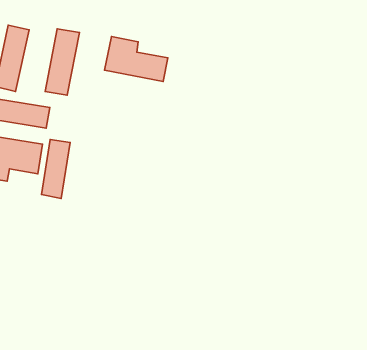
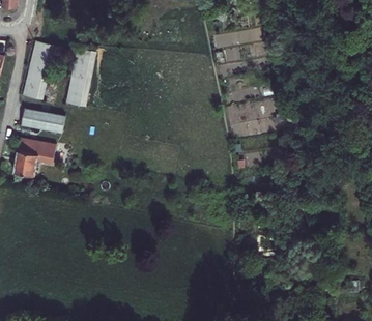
building: [105,37,168,82] -> none
building: [42,140,70,198] -> none

